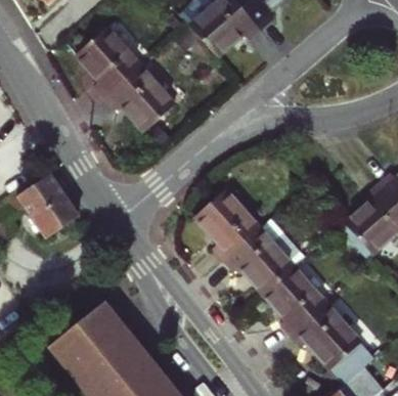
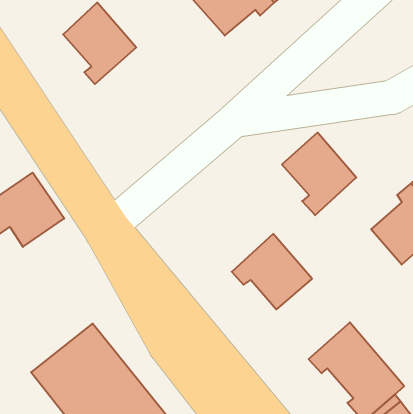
building: [105,65,177,132] -> none
building: [195,188,260,260] -> [282,133,356,215]
building: [263,266,326,336] -> none

